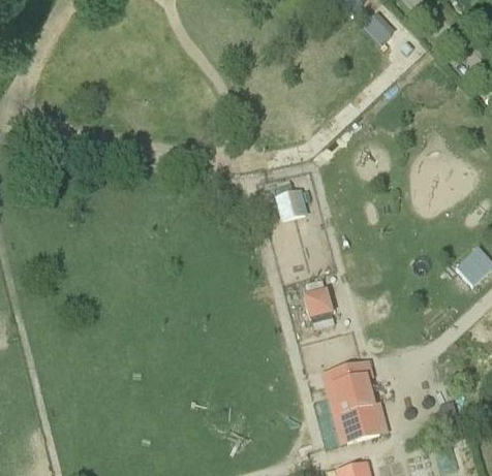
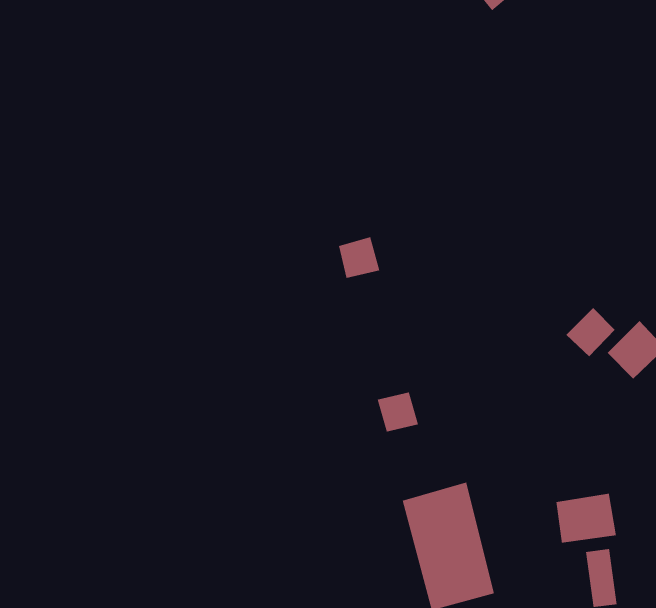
building: none -> [565,307,615,357]
building: none -> [556,493,616,543]

